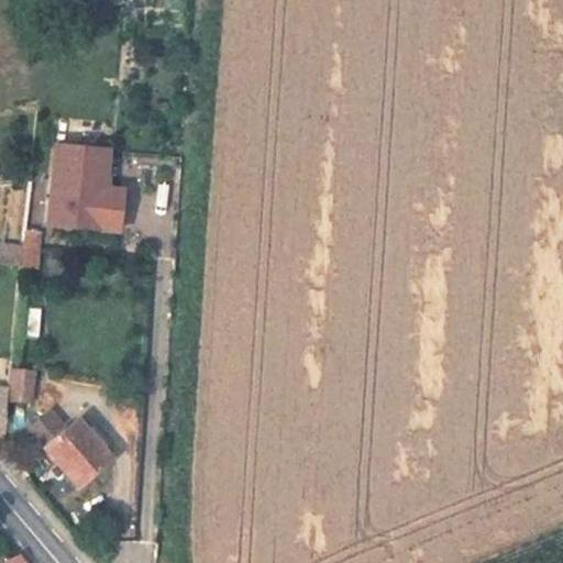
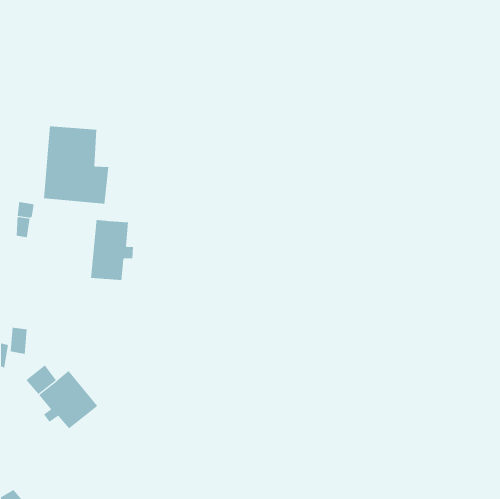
building: none -> [91,219,134,281]

